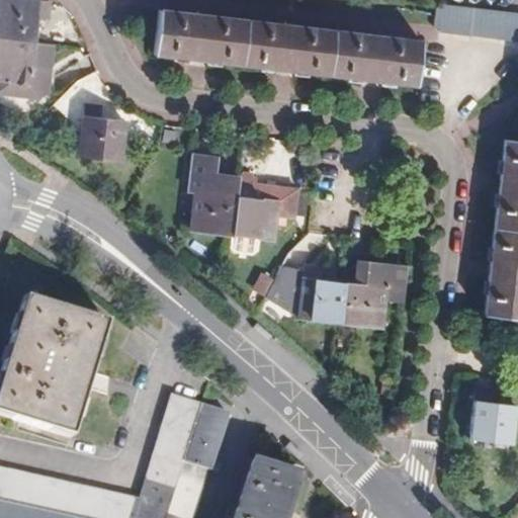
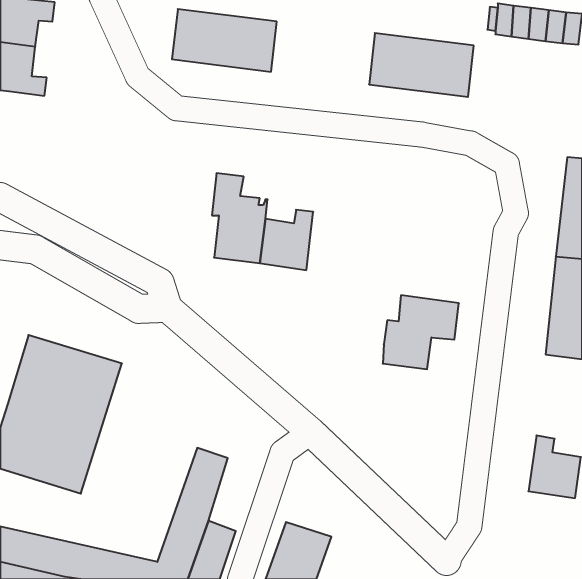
building: [241,19,333,75] -> none
building: [6,41,52,98] -> none
building: [73,103,118,160] -> none
building: [236,172,296,217] -> none
building: [265,265,344,323] -> none
building: [185,407,229,472] -> none

